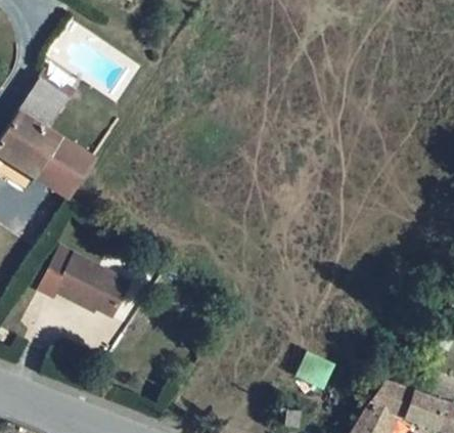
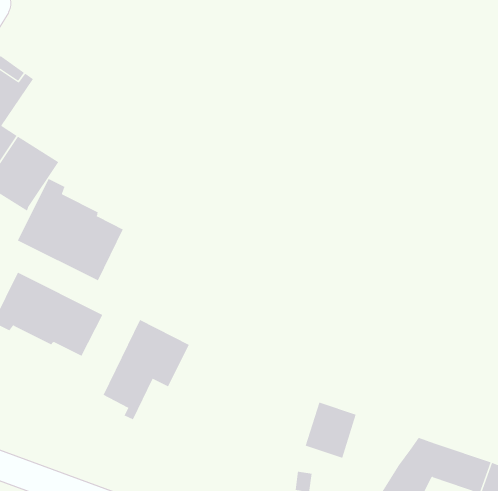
building: none -> [17,178,124,281]
building: none -> [103,319,189,420]

